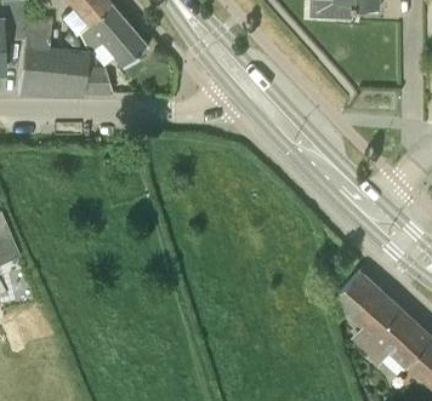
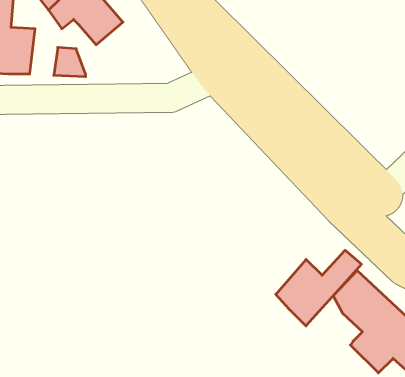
building: [61,51,89,93] -> none
building: none -> [276,250,361,326]

